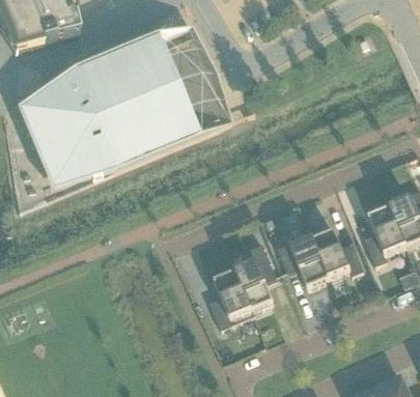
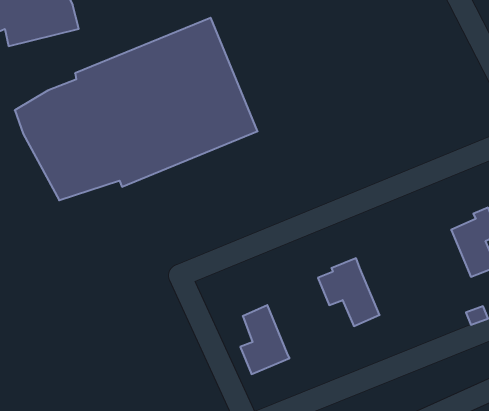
building: [363,203,403,261] -> none
building: [310,226,361,275] -> none
building: [230,239,273,307] -> none

